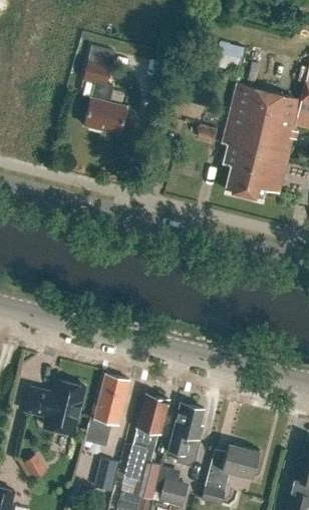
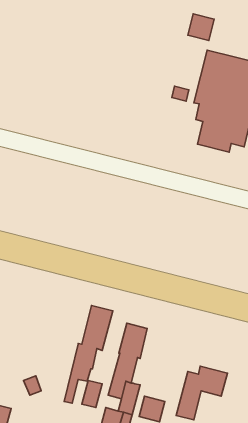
building: [83,46,126,134] -> none
building: [25,380,85,434] -> none
building: [169,404,204,466] -> none

